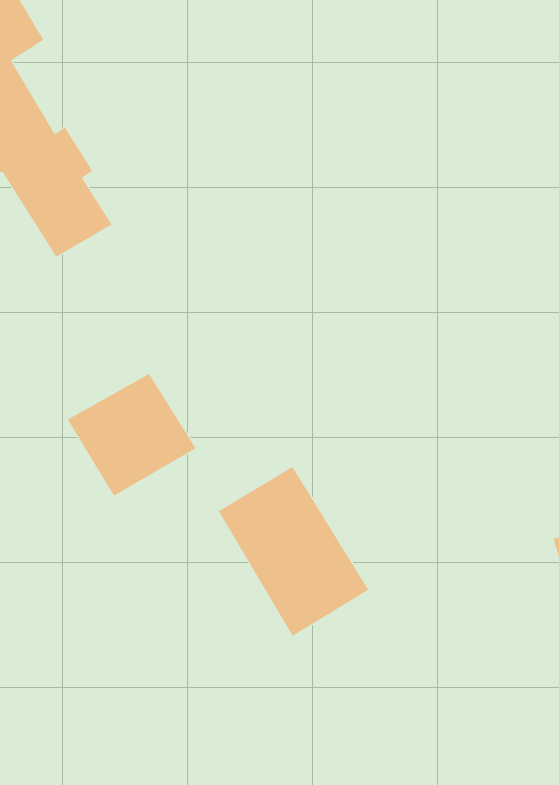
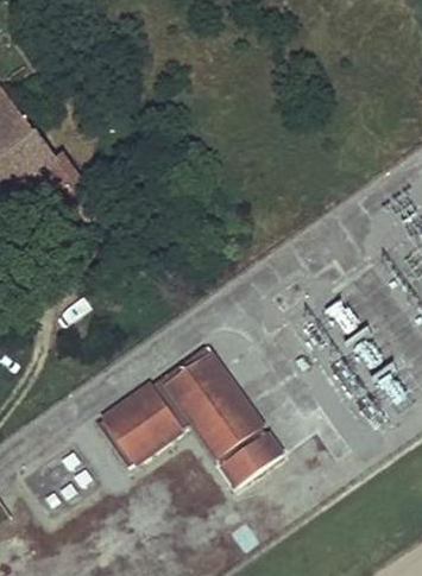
building: [67,373,196,497] -> [101,384,182,461]
building: none -> [219,429,279,482]

